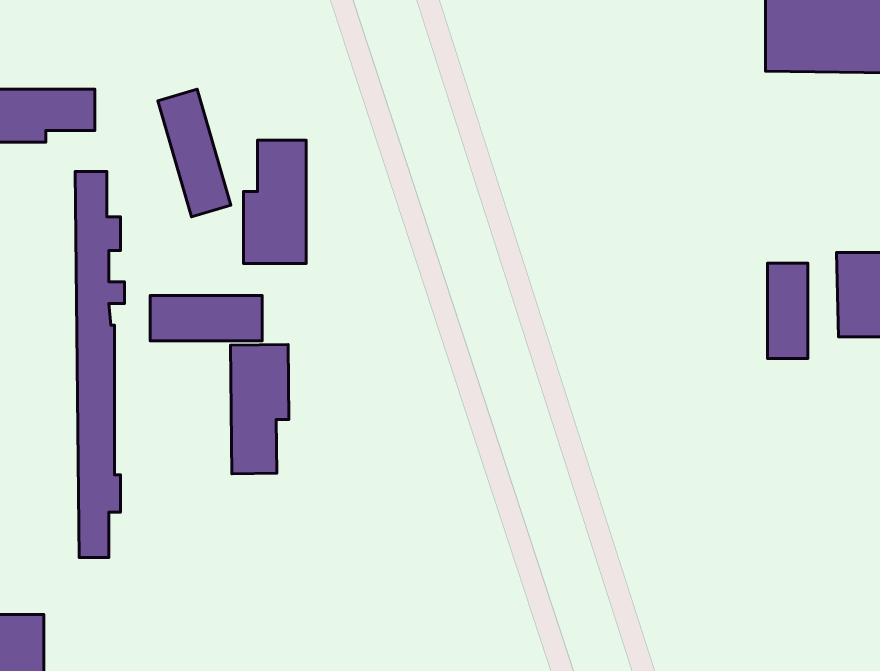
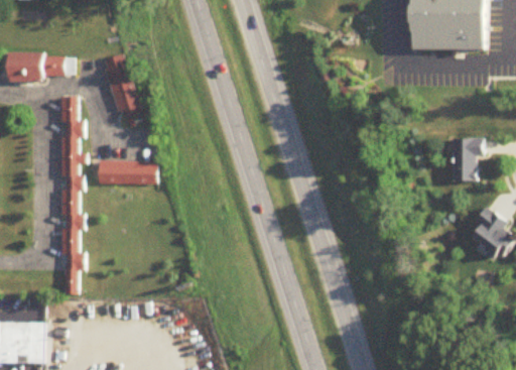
building: [243,140,306,264] -> none
building: [767,263,808,358] -> none
building: [230,344,289,474] -> none

